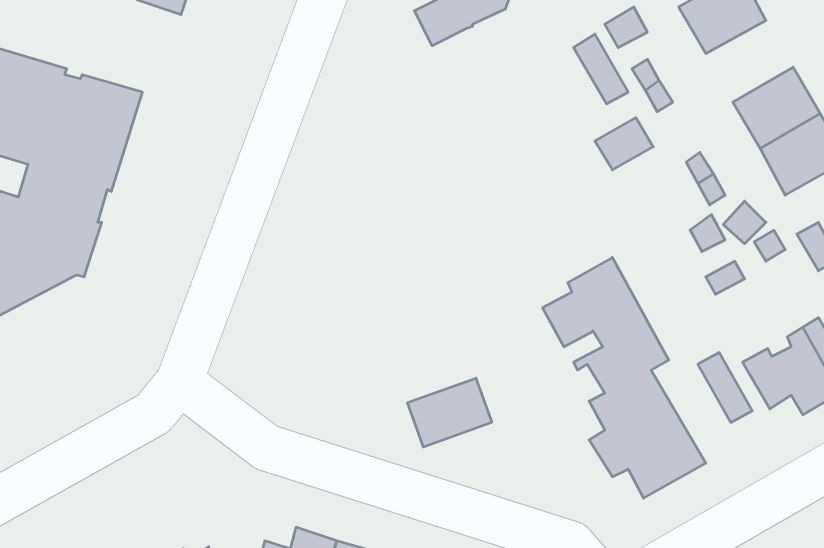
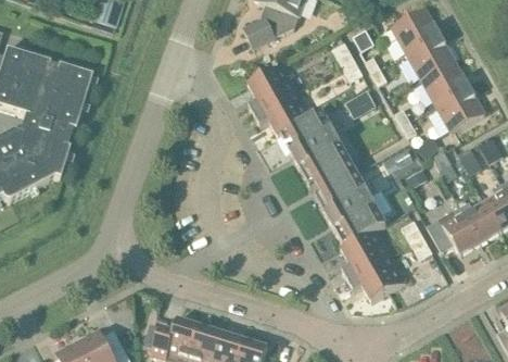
building: none -> [406,34,455,79]
building: none -> [247,63,354,186]
building: [408,378,492,447] -> none

